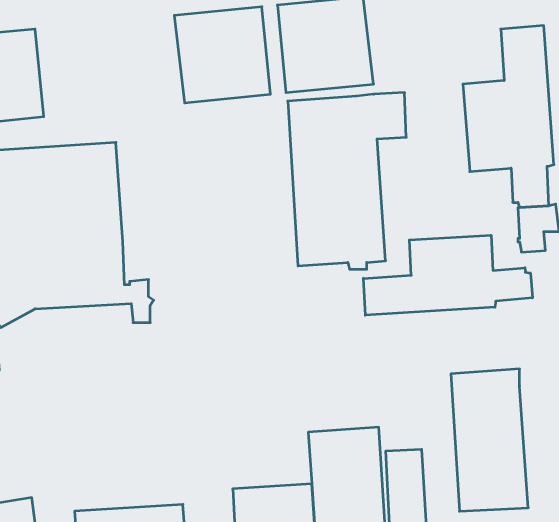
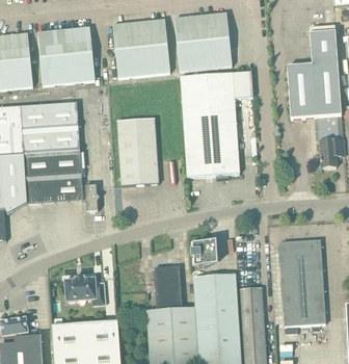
building: none -> [37,26,96,84]
building: none -> [117,118,159,185]
building: [363,235,532,315] -> none
building: none -> [191,241,217,266]
building: none -> [154,265,182,308]
building: none -> [64,276,105,304]

